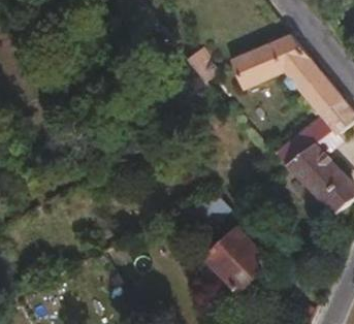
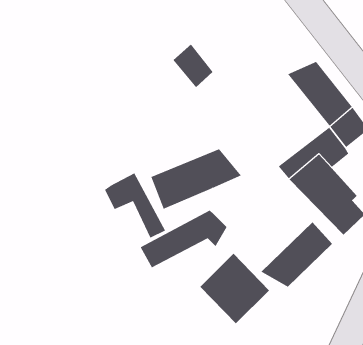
building: [230,36,311,90] -> [150,149,242,209]
building: none -> [104,172,166,239]
building: none -> [260,221,333,288]

